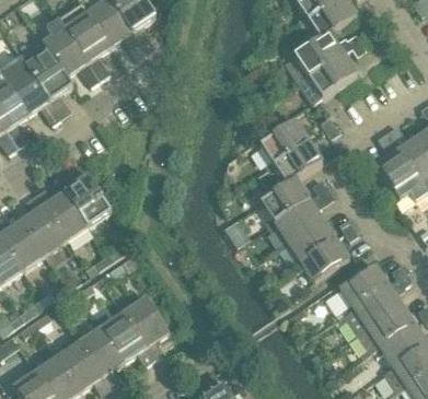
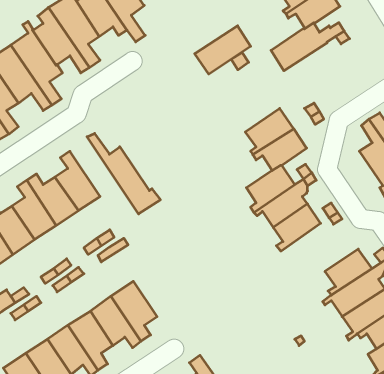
building: [299,52,356,102] -> [195,26,251,74]
building: none -> [87,133,160,214]
building: [296,236,349,280] -> none

